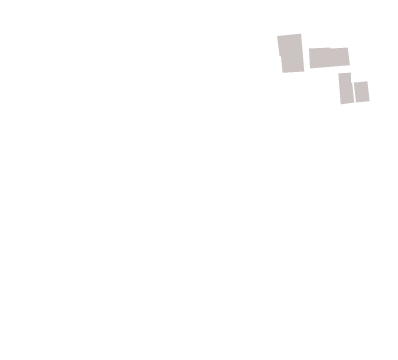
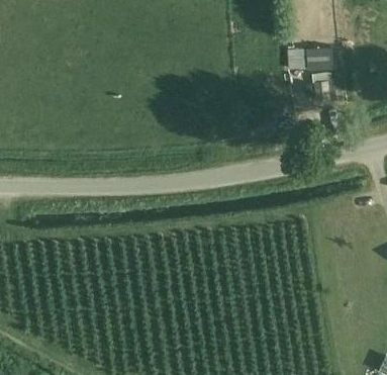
building: [277,33,305,73] -> none

